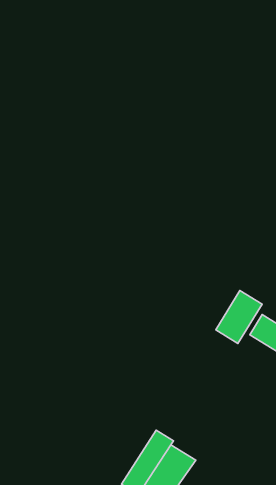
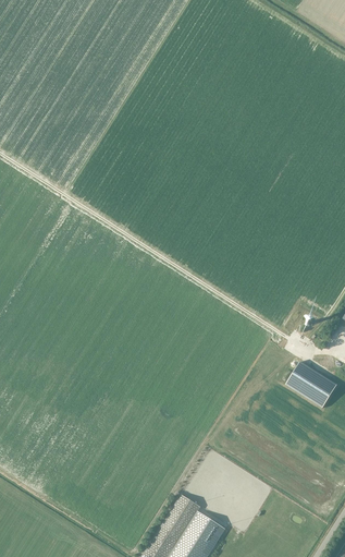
building: [216,290,262,343] -> none

